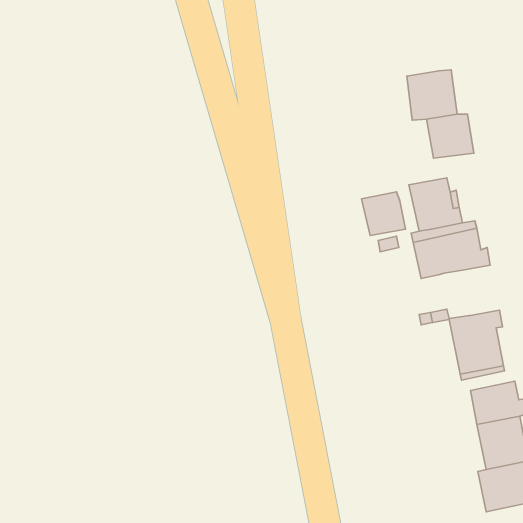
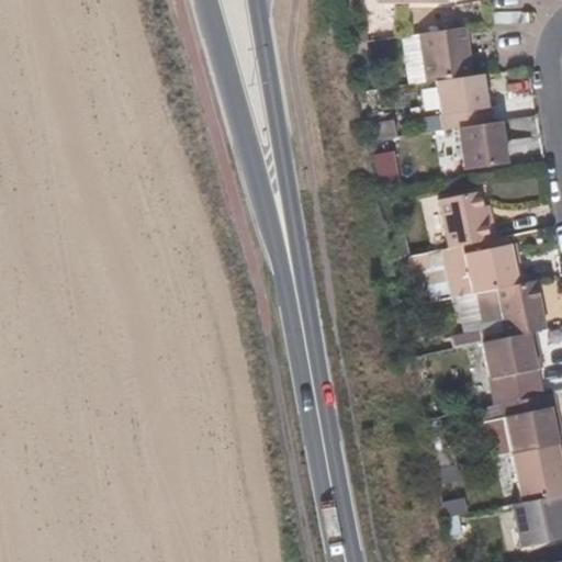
building: none -> [420,26,471,82]
building: [362,192,405,235] -> none
building: none -> [476,280,547,337]

